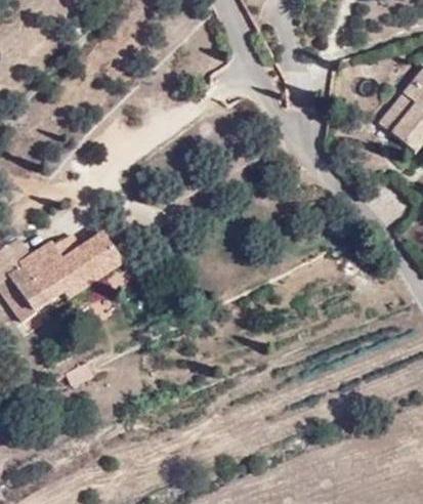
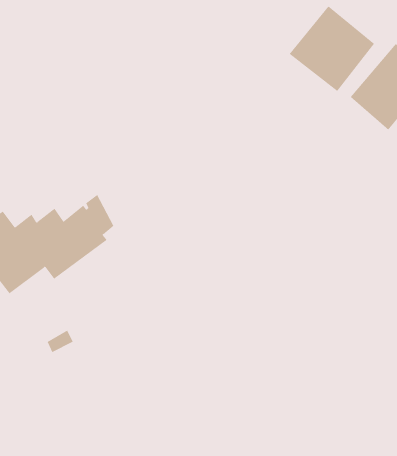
building: none -> [289,6,375,92]

